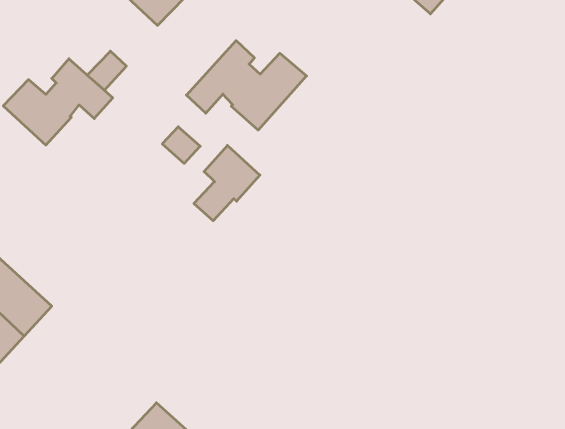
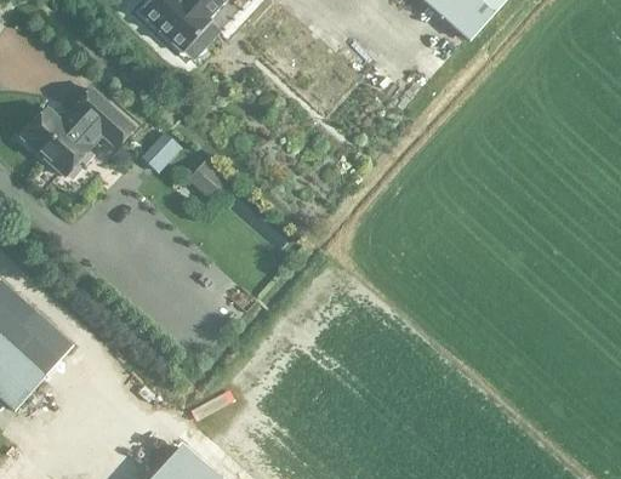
building: [186,41,307,130] -> none
building: [87,51,126,90] -> [139,130,181,171]
building: [194,145,260,221] -> none

